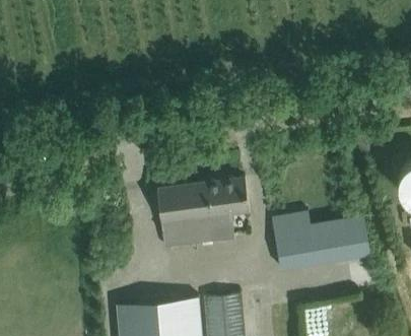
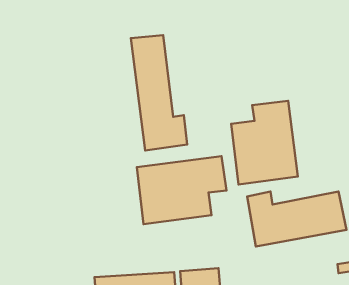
building: none -> [131,35,187,150]
building: none -> [231,101,298,184]

